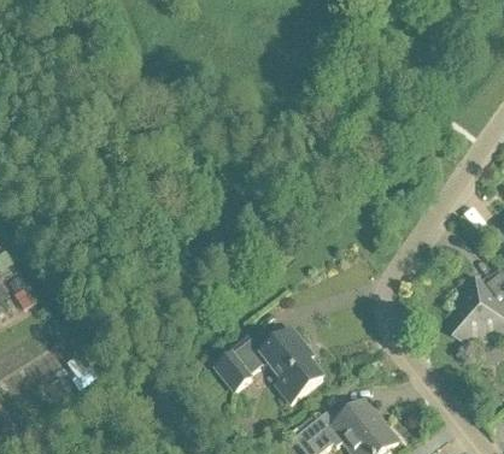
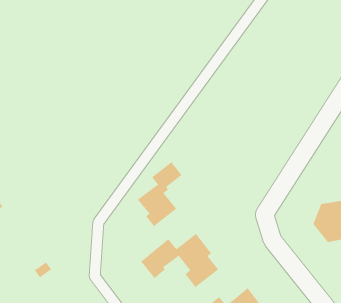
building: none -> [137,161,182,227]

